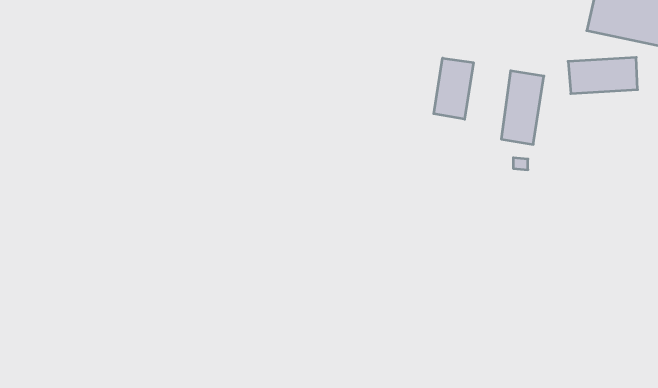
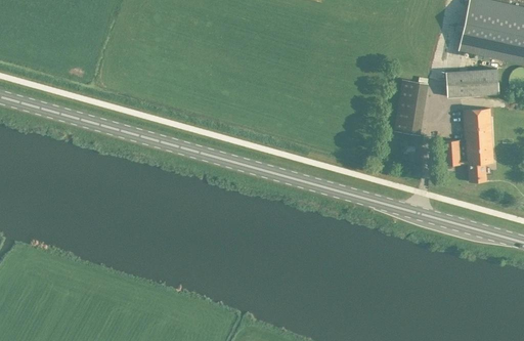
building: [434,58,473,119] -> none
building: none -> [441,108,493,181]

